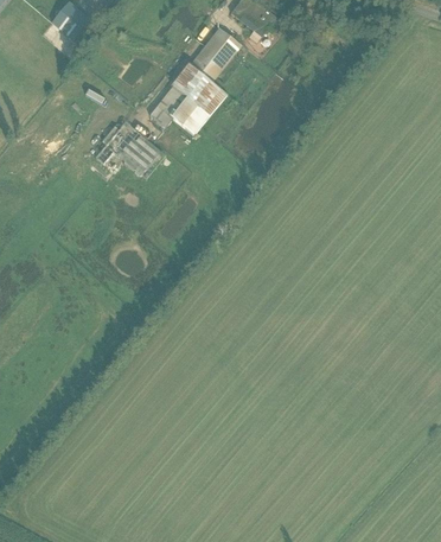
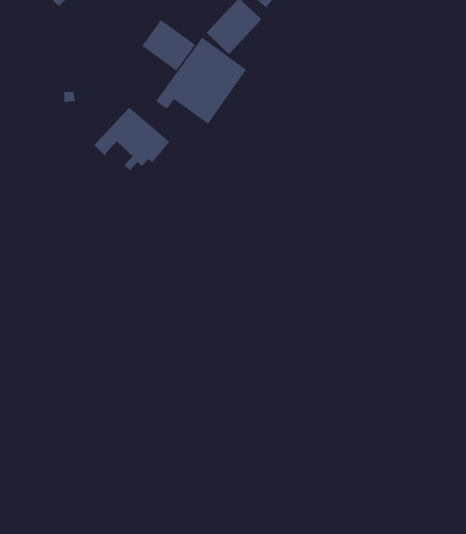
building: none -> [142,19,196,72]

